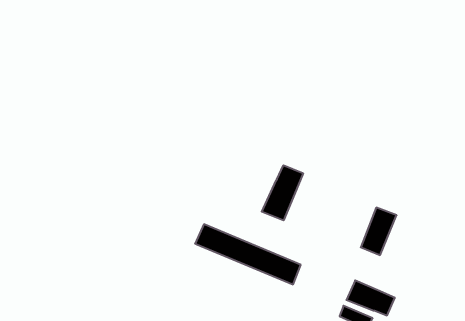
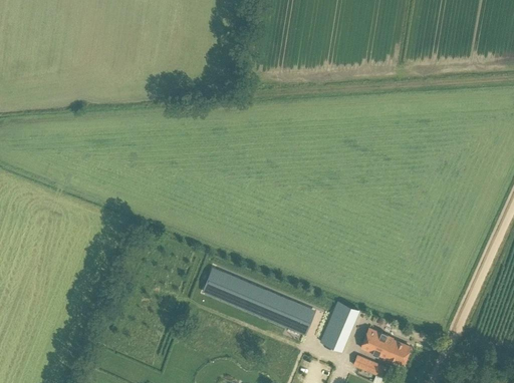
building: [262,165,303,220] -> none
building: [361,208,397,255] -> [321,300,358,349]

